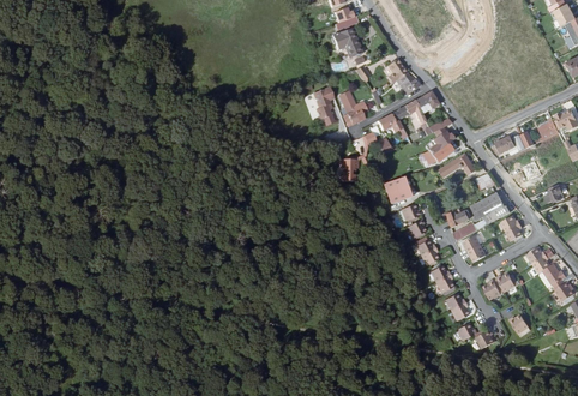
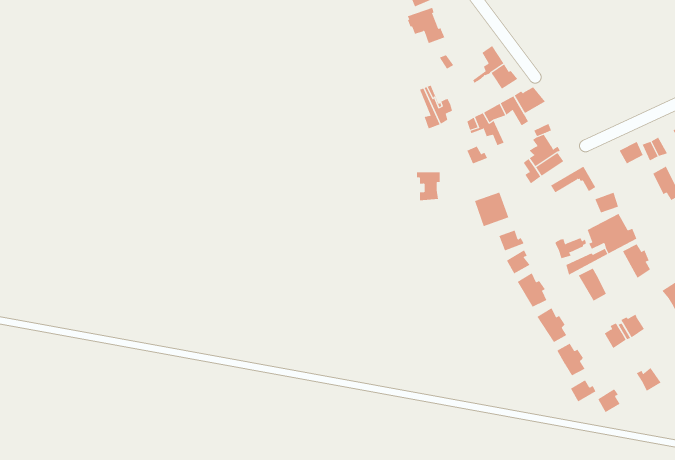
building: [312,86,333,126] -> none

